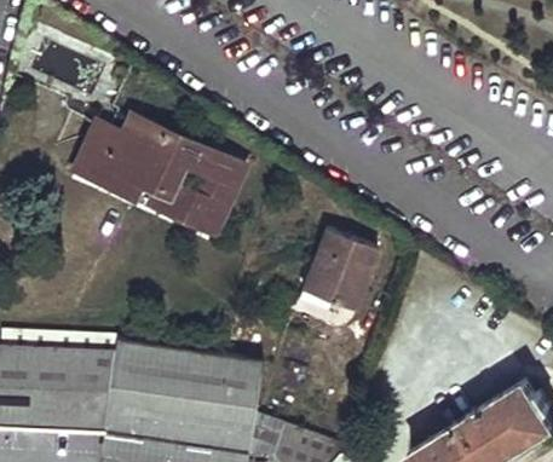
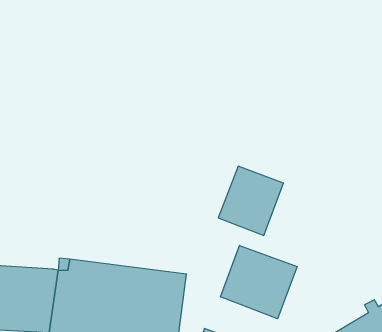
building: [70,112,252,241] -> none
building: none -> [221,245,297,319]

